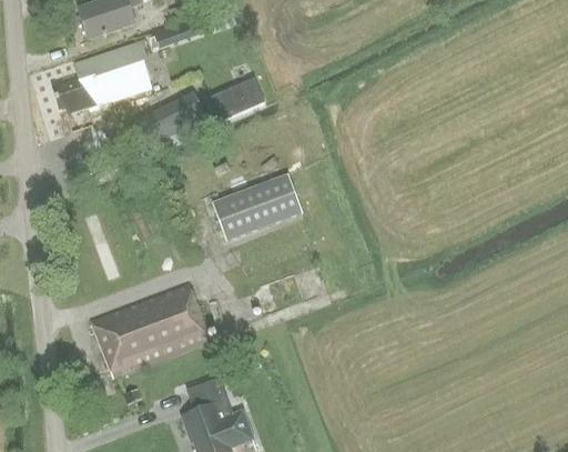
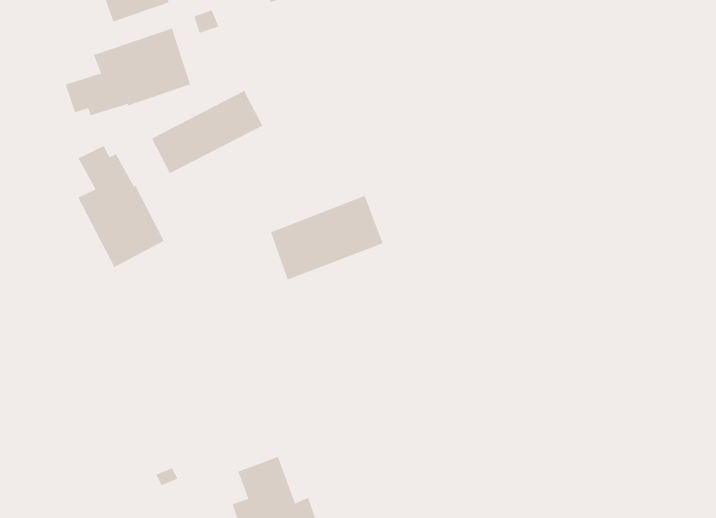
building: [205,77,264,121] -> none
building: none -> [78,145,164,268]
building: [91,283,211,376] -> none

